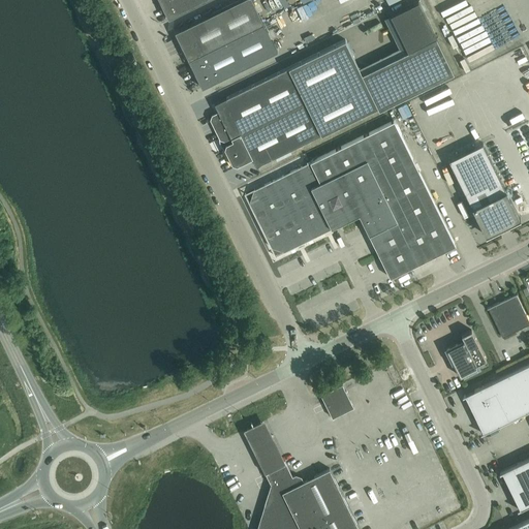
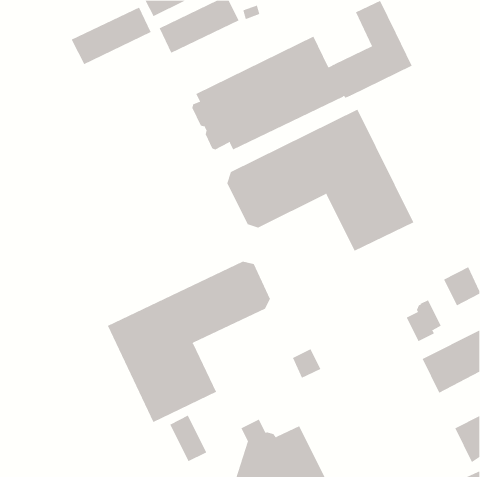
building: [188,26,277,90] -> [71,7,152,65]
building: [448,145,521,238] -> none
building: none -> [107,261,271,423]
building: [244,423,285,474] -> [169,415,207,462]

